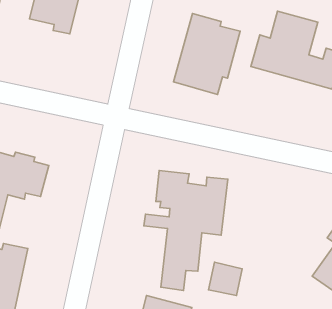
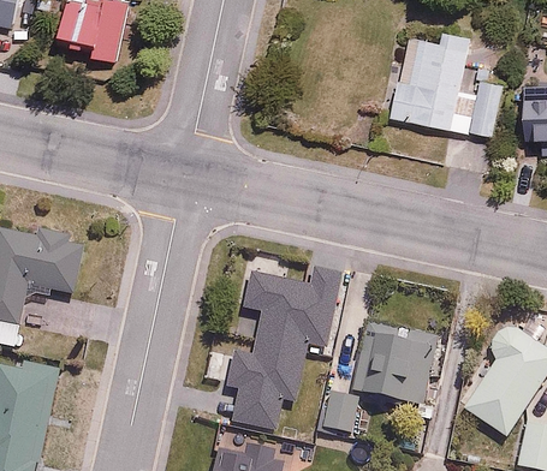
building: [173,13,240,94] -> none
building: none -> [362,327,439,405]

